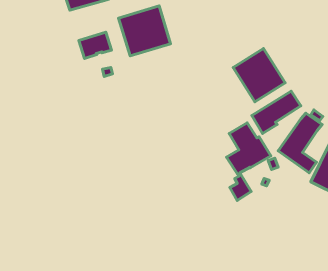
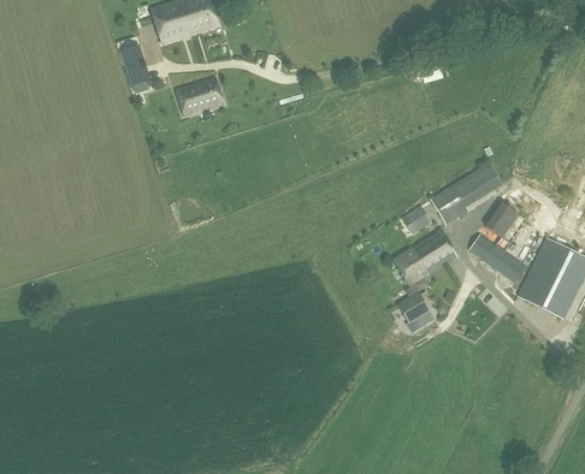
building: [119,6,170,56] -> none
building: none -> [120,46,148,85]
building: [233,49,285,102] -> none

